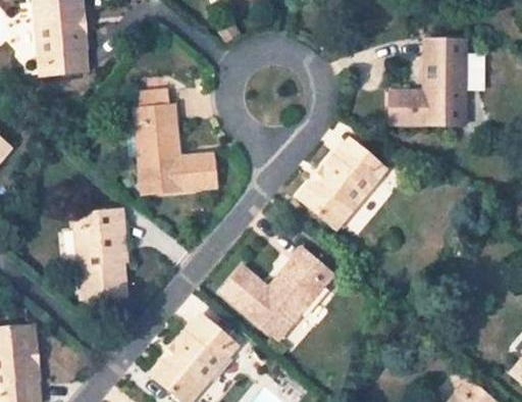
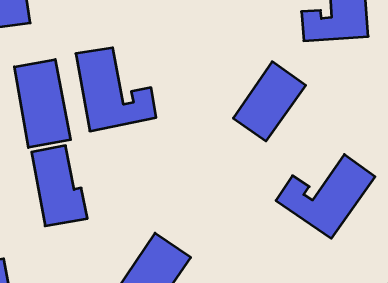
building: none -> [14,59,71,148]
building: [221,248,334,340] -> [276,154,375,238]

